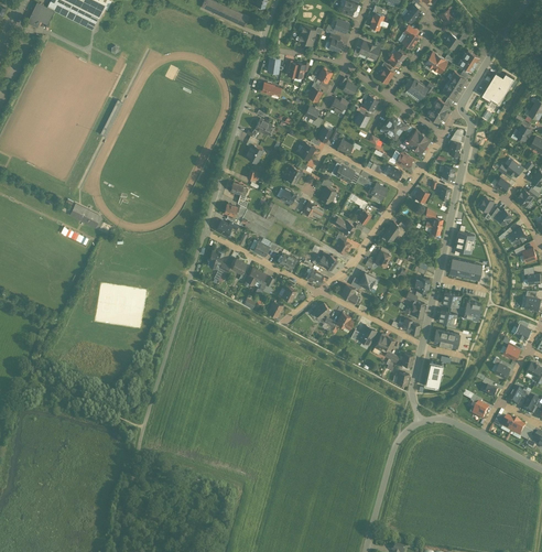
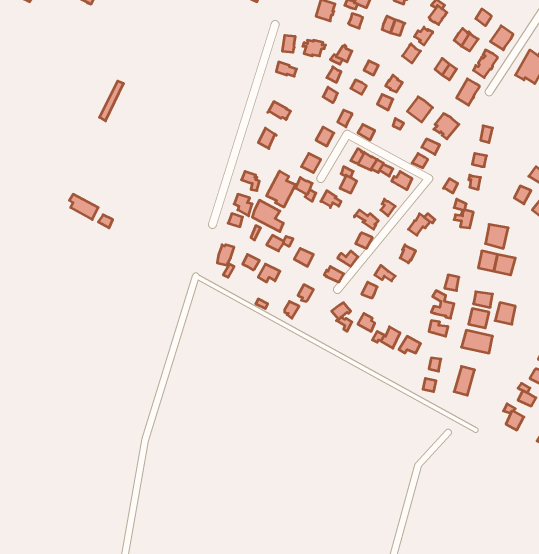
building: none -> [267,171,296,207]

